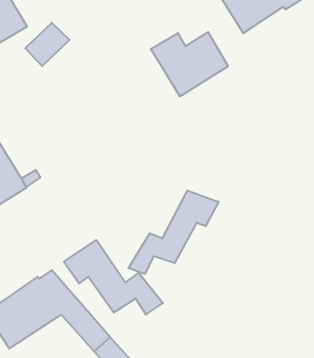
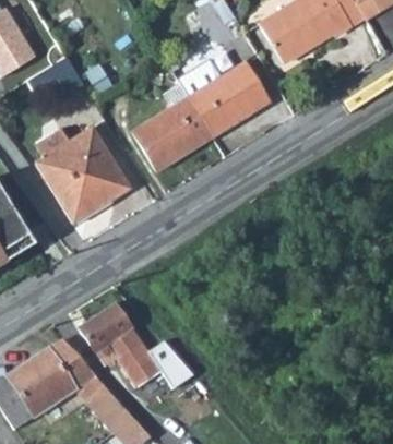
building: none -> [133,98,212,171]
building: none -> [36,128,131,224]
building: [128,190,219,274] -> none

